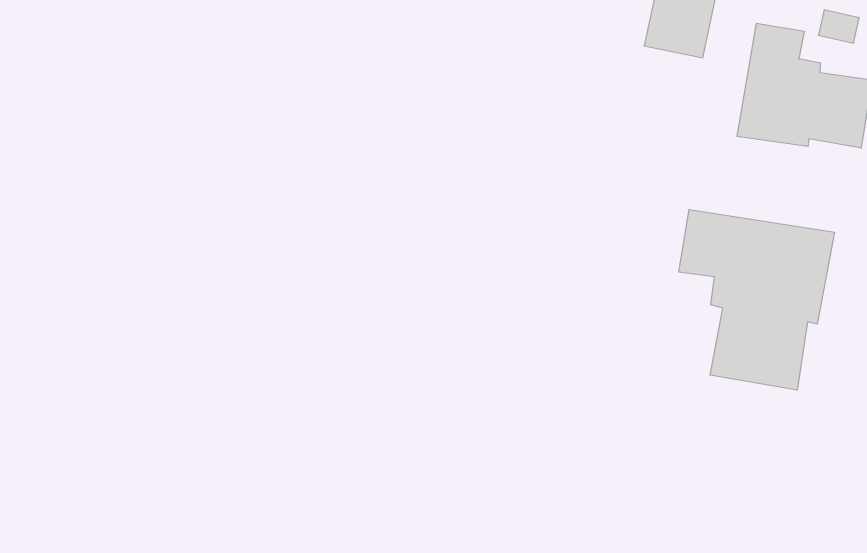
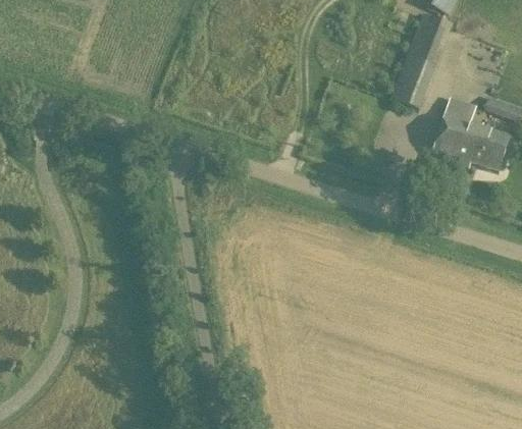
building: [679,209,834,390] -> none

